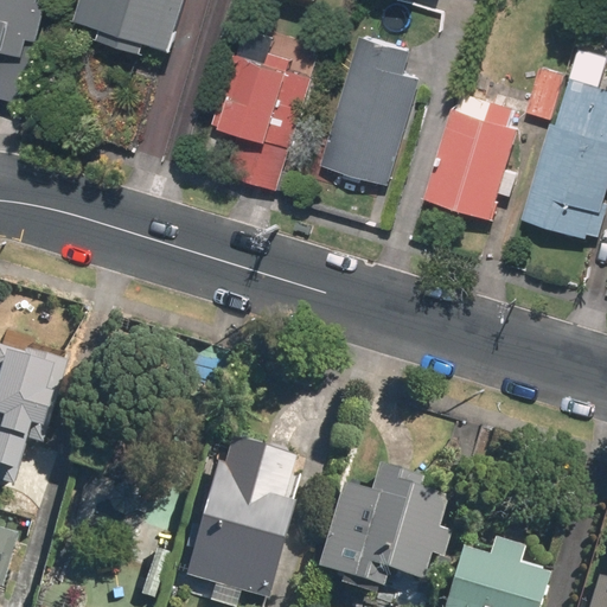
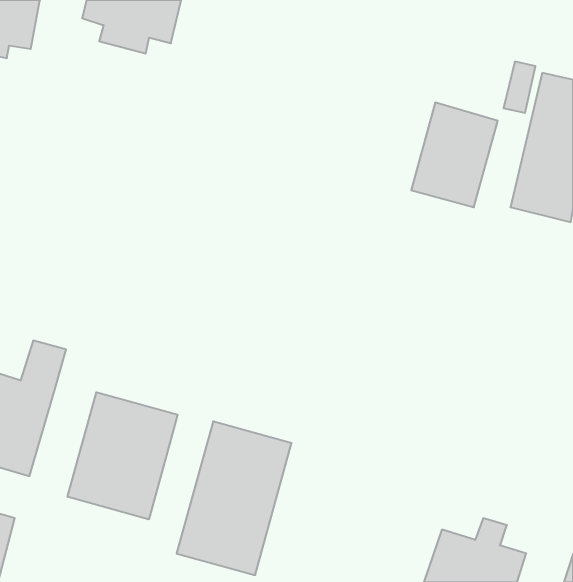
building: [211,31,315,186] -> none
building: [322,37,418,178] -> none
building: none -> [68,392,178,519]
building: [320,475,441,582] -> none

